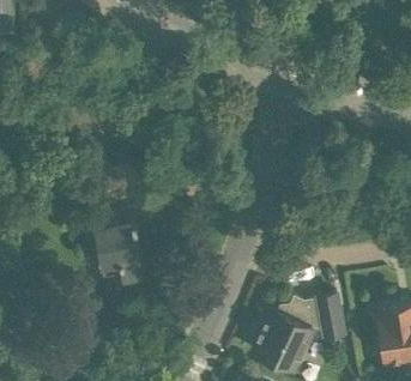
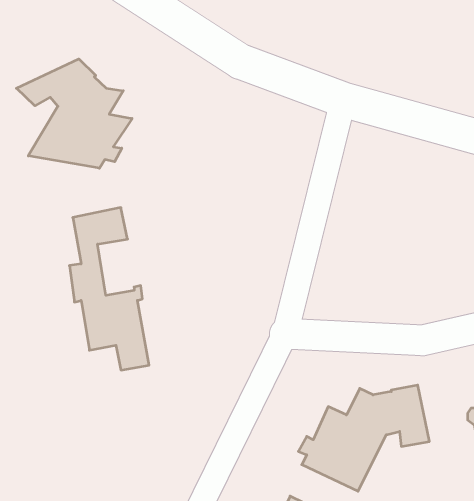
building: none -> [16,59,132,168]

